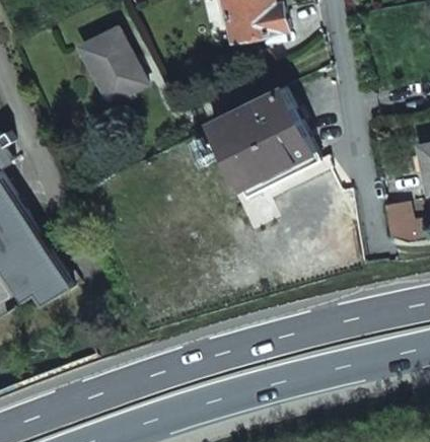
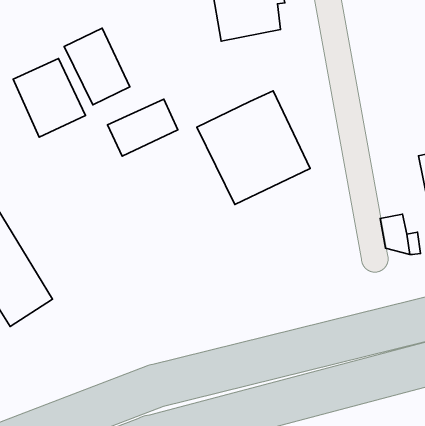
building: none -> [13,58,85,137]
building: none -> [108,99,178,156]

